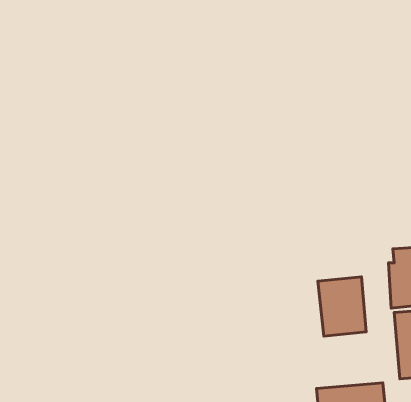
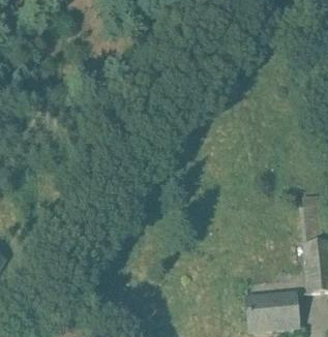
building: [318,277,366,336] -> none

